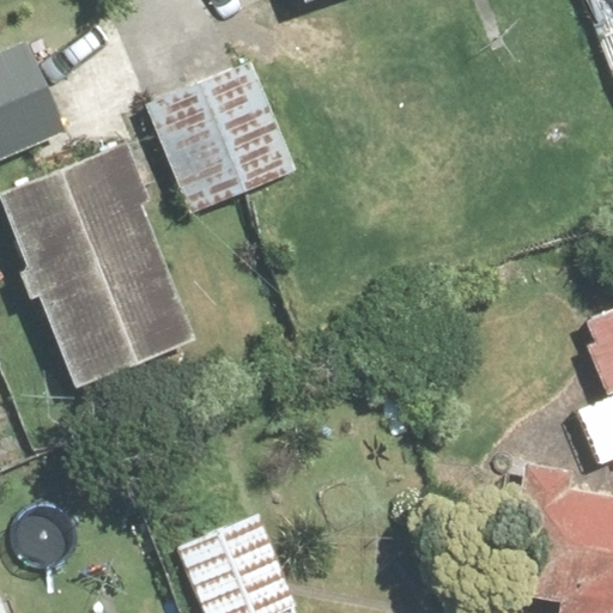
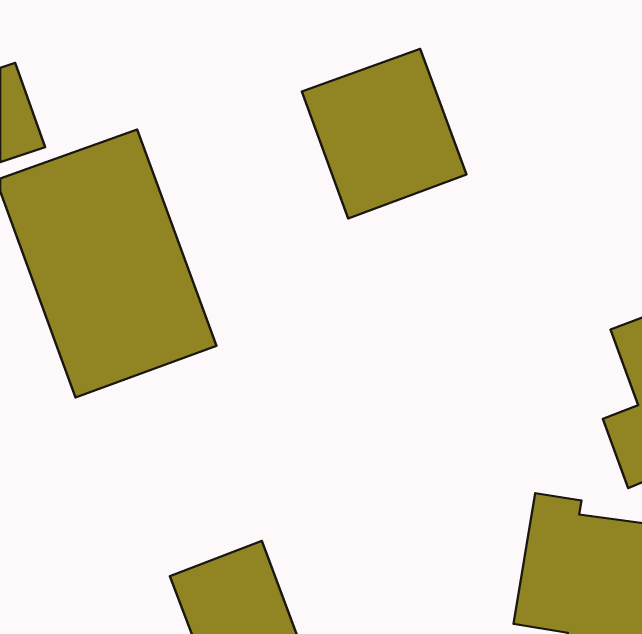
building: [146,55,303,217] -> [302,49,467,219]

